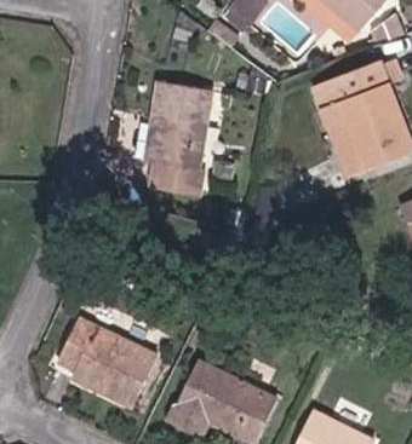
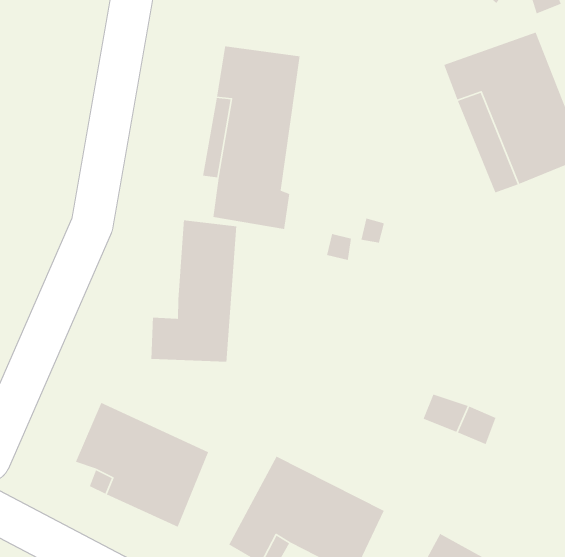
building: none -> [151,219,237,362]

